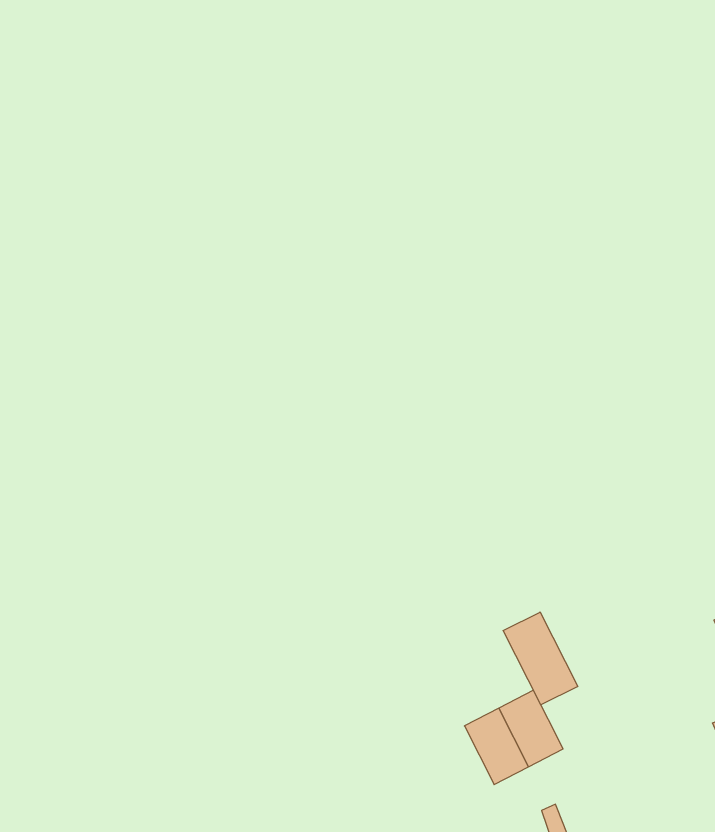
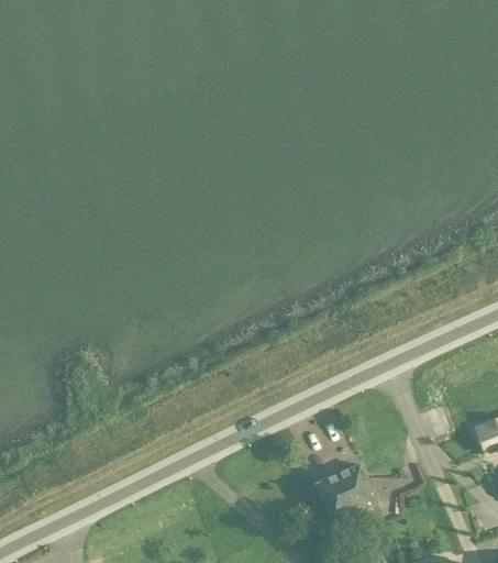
building: [503,612,578,705] -> none

